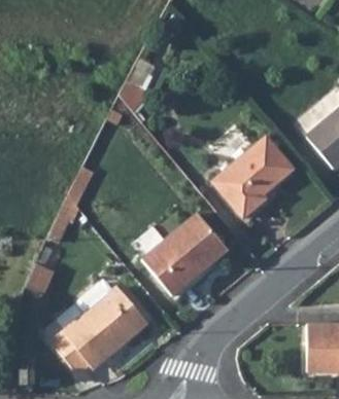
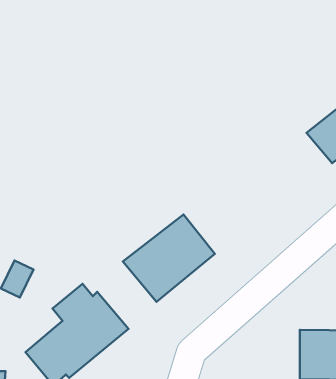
building: [217,141,298,220] -> none

